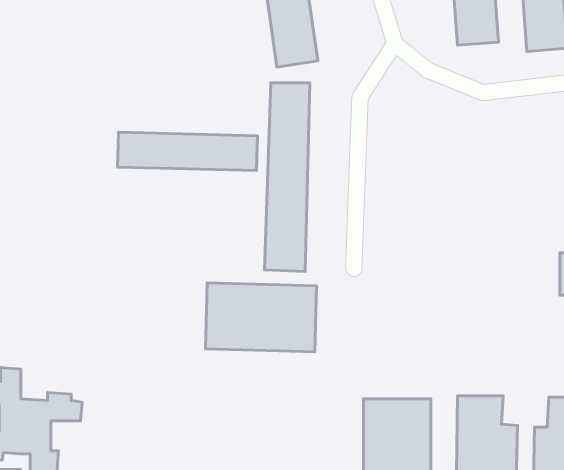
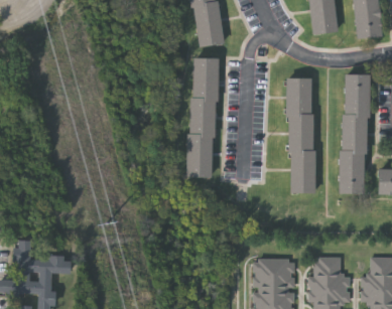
building: none -> [339,73,369,194]
building: none -> [287,78,314,192]
building: [117,132,257,171] -> none
building: [205,283,316,352] -> none

